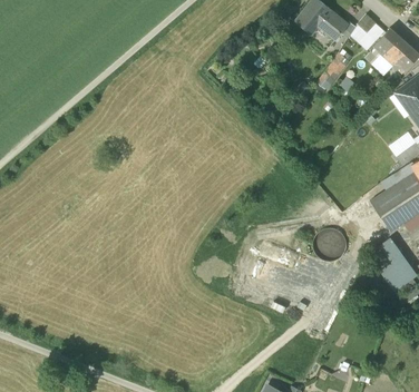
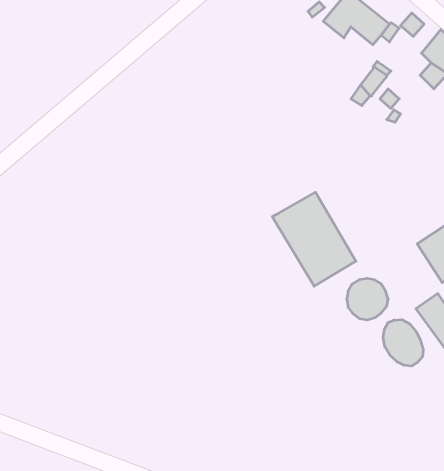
building: none -> [272,192,356,286]
building: none -> [383,320,423,366]

